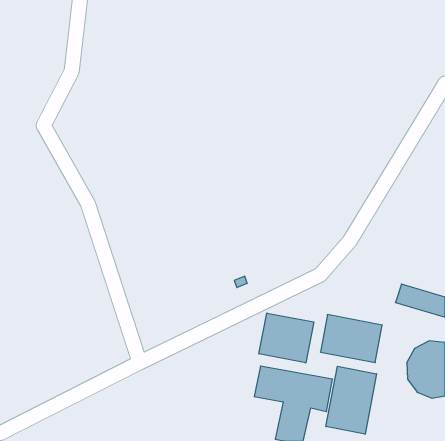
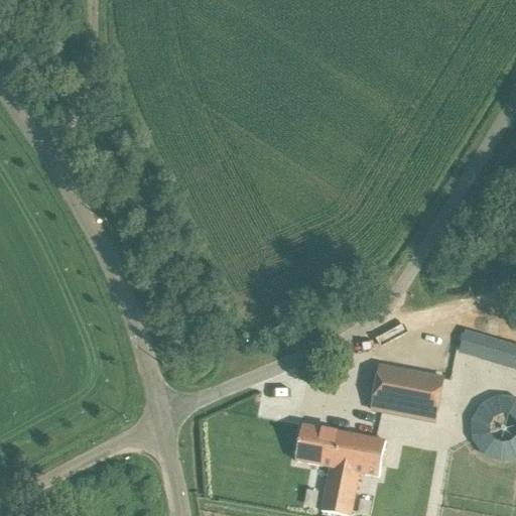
building: [259,313,314,363] -> none
building: [326,366,377,434] -> none

